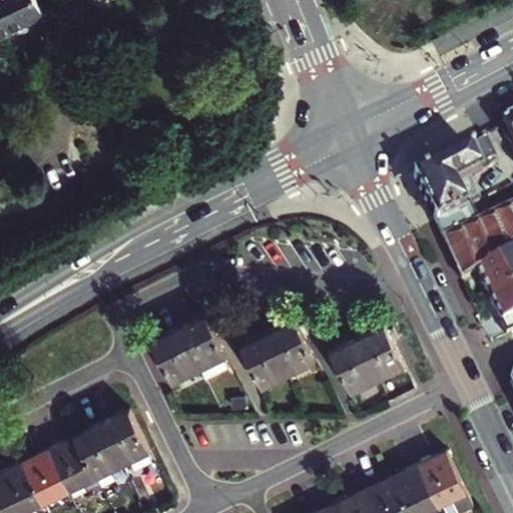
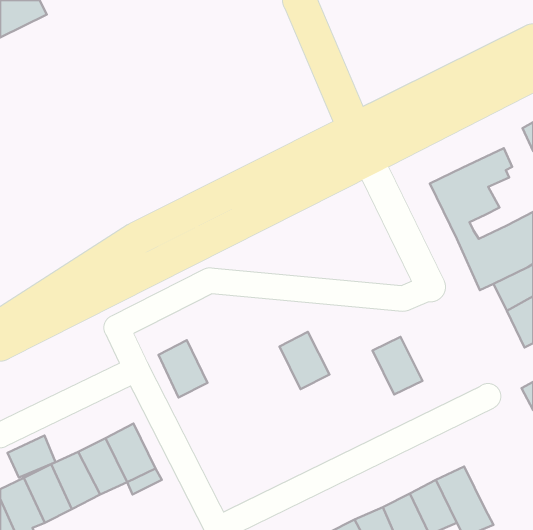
building: [179,317,226,382] -> none
building: [241,336,289,390] -> none
building: [331,340,379,396] -> none
building: none -> [7,436,56,477]

